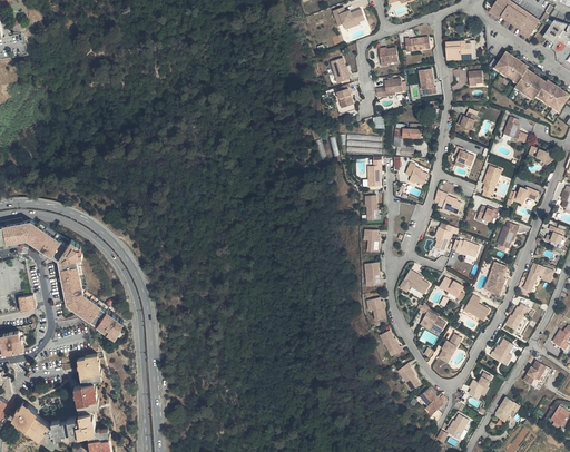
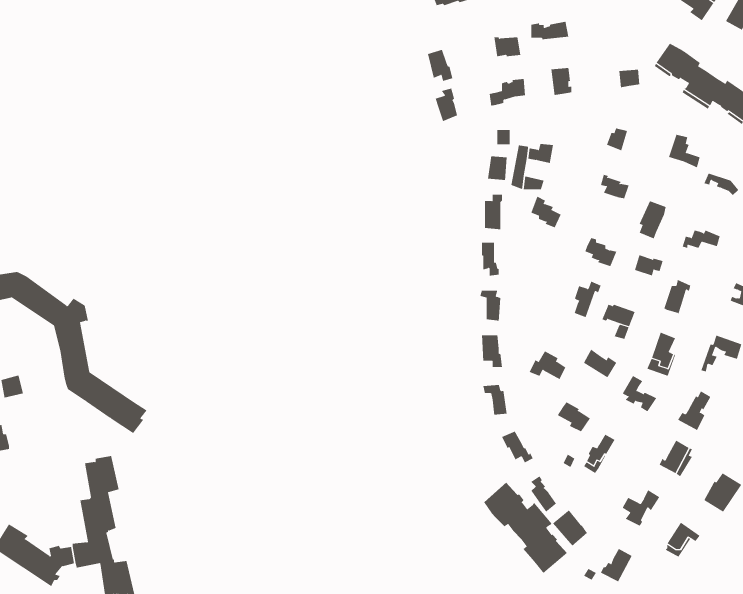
building: [445,40,476,61] -> none
building: none -> [483,482,568,574]

